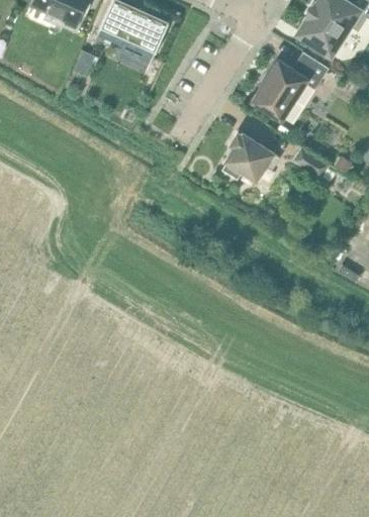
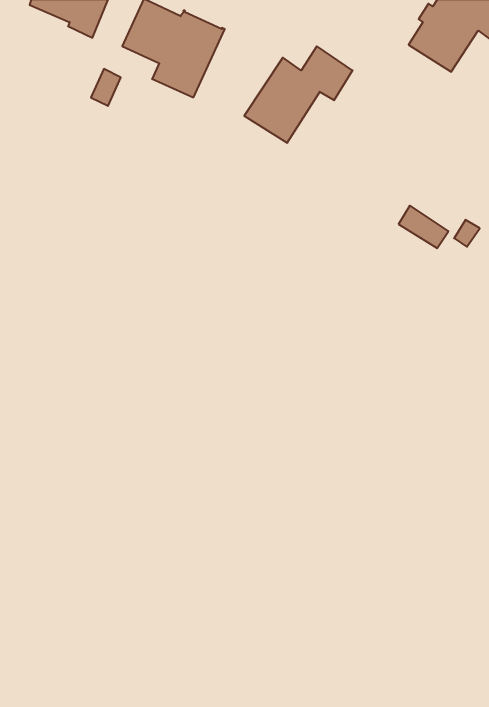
building: [252,50,329,119] -> [244,46,353,143]
building: [223,132,274,180] -> none

